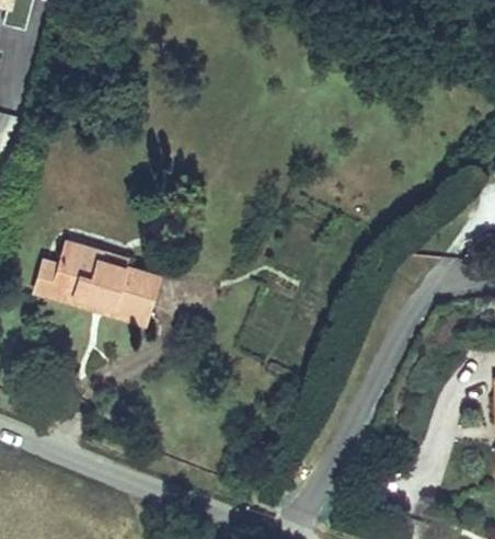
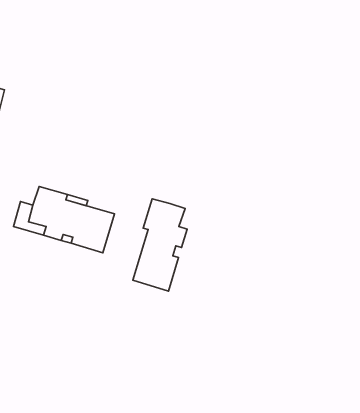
building: none -> [133,199,187,291]

